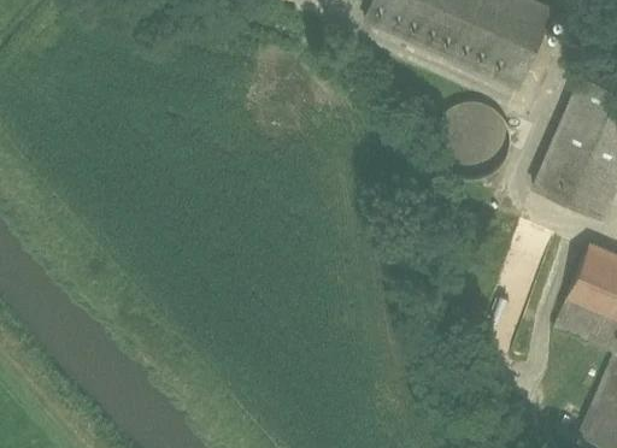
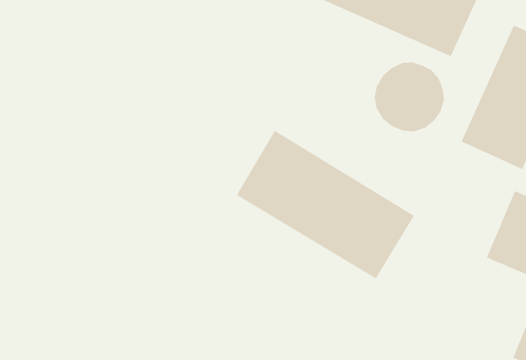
building: none -> [236,130,415,279]

